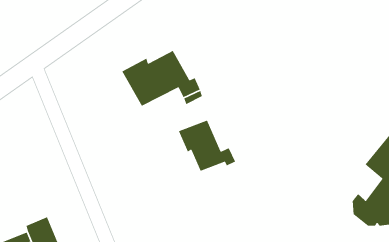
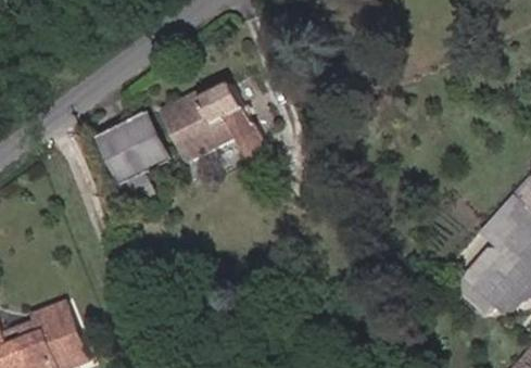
building: none -> [102,112,168,180]
building: [178,120,236,172] -> none

